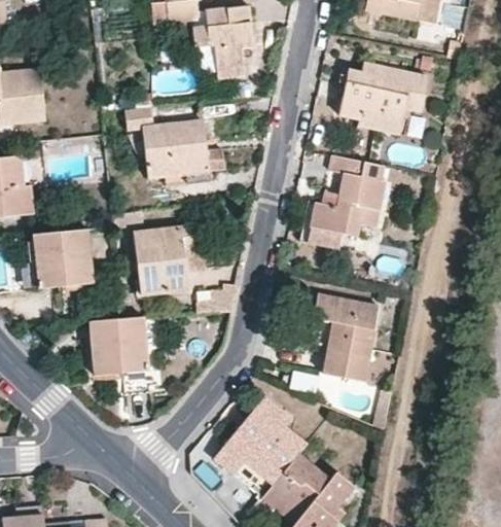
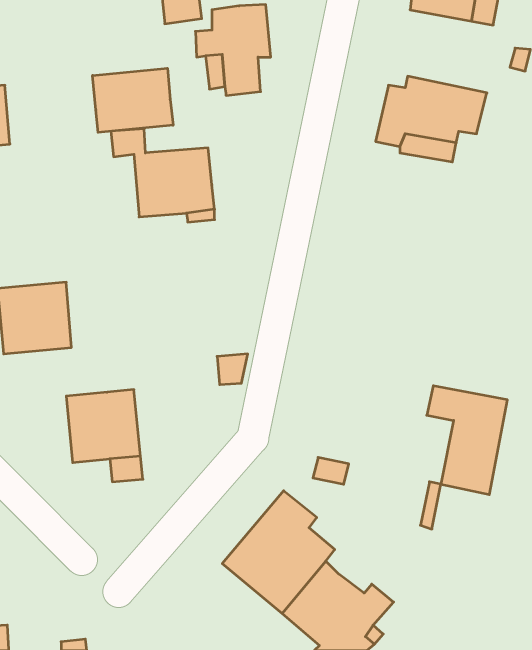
building: none -> [93,68,173,132]
building: [309,155,386,247] -> none
building: [135,226,192,294] -> none
building: [313,294,378,382] -> [427,386,507,495]

